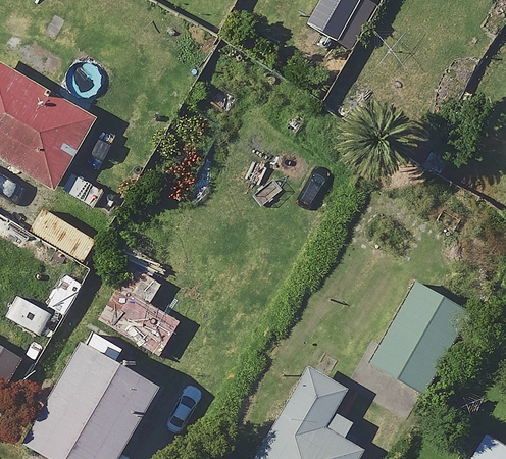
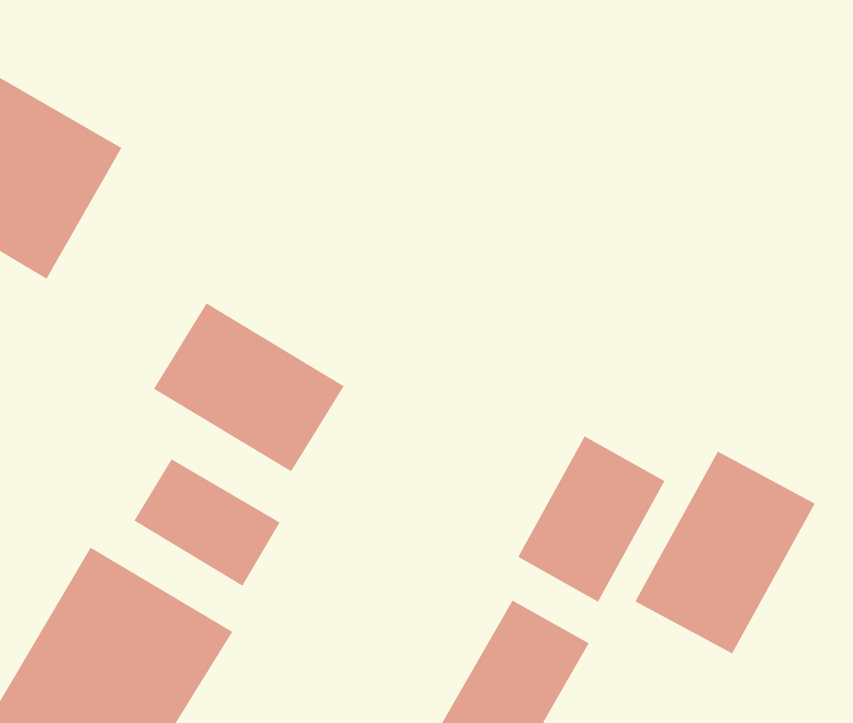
building: none -> [153,302,345,472]
building: none -> [517,435,665,603]

